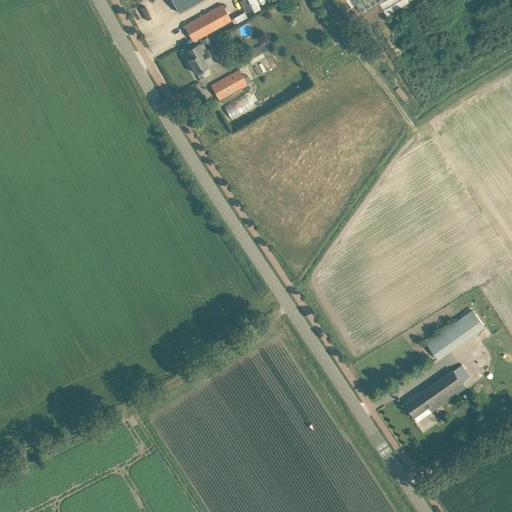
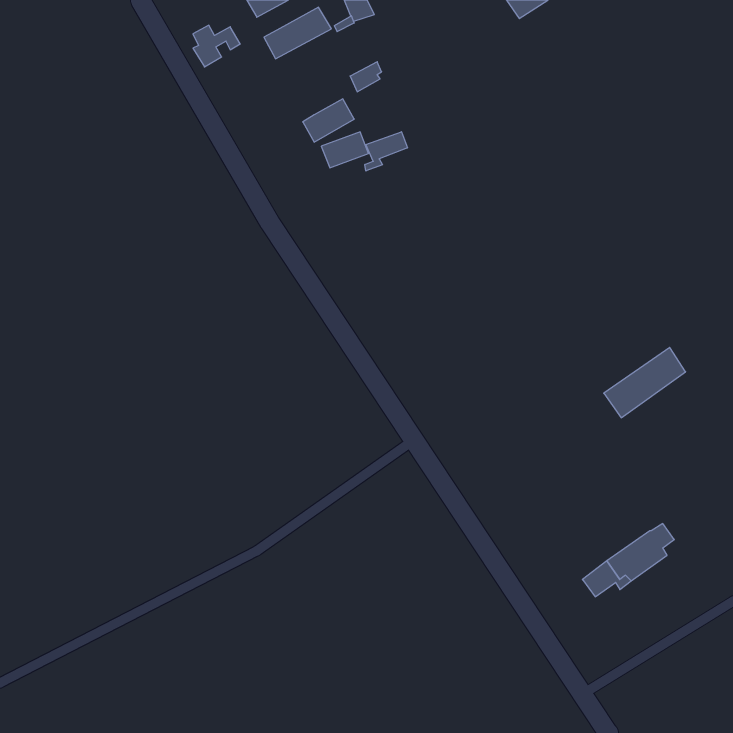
building: [188,44,221,73] -> [193,25,240,67]
building: none -> [365,132,407,171]
building: [427,310,484,359] -> [604,347,686,418]

